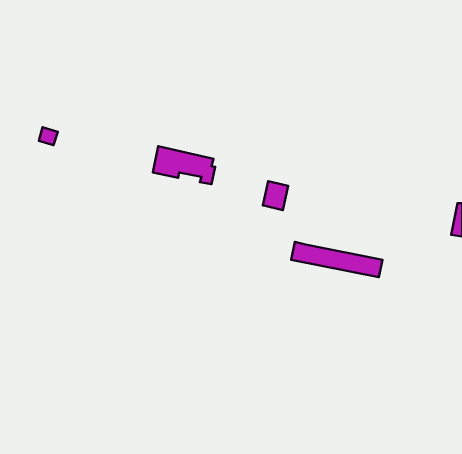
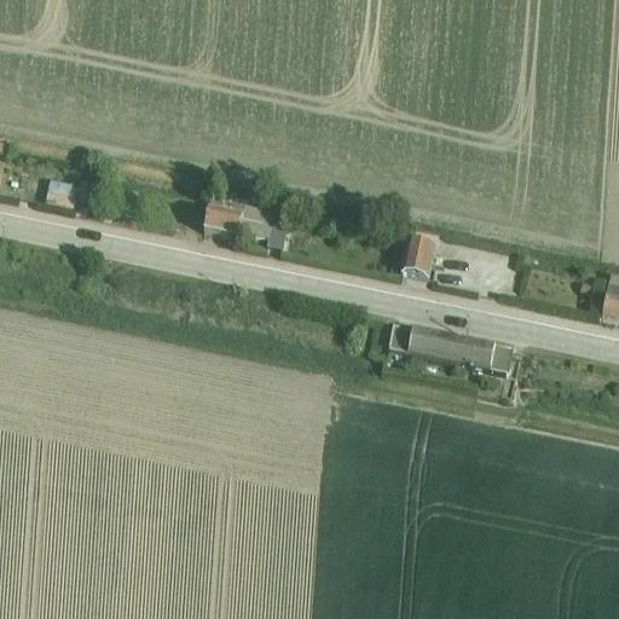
building: [263,181,288,210] -> [401,239,435,278]

